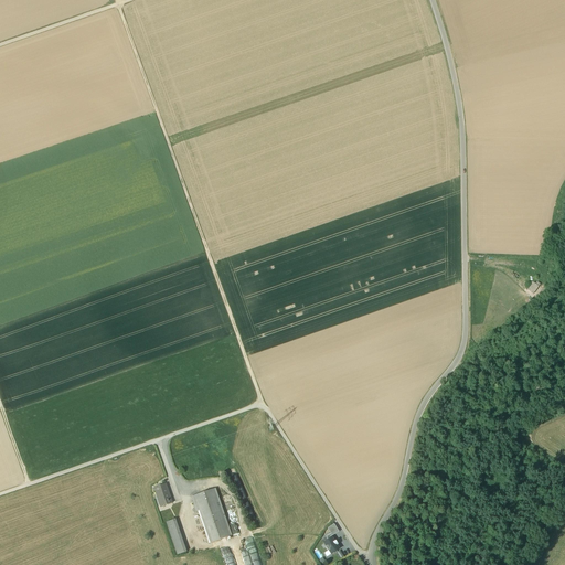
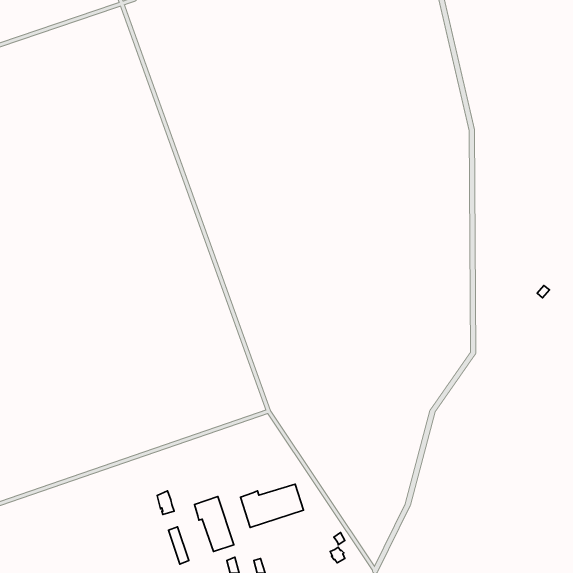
building: none -> [241,484,303,528]

